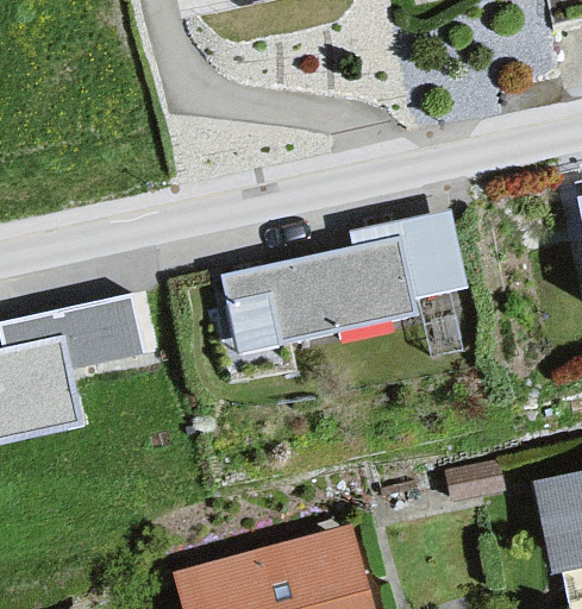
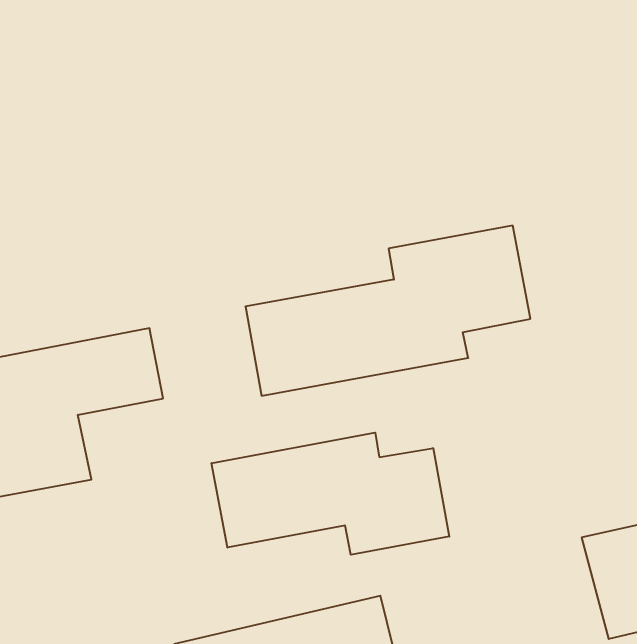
building: none -> [212,433,449,555]

